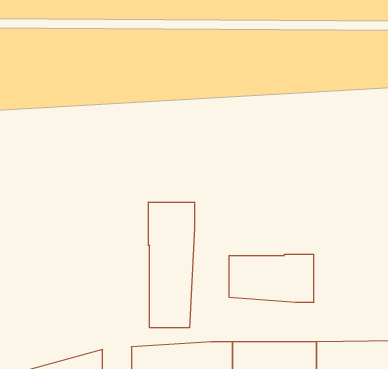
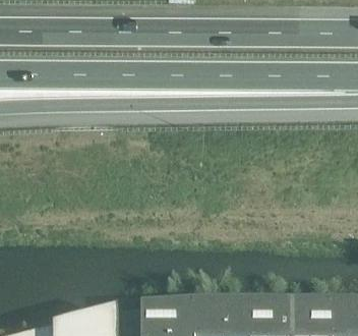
building: [148,202,194,328] -> none
building: [229,254,314,303] -> none

